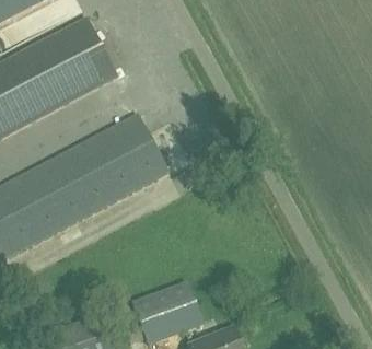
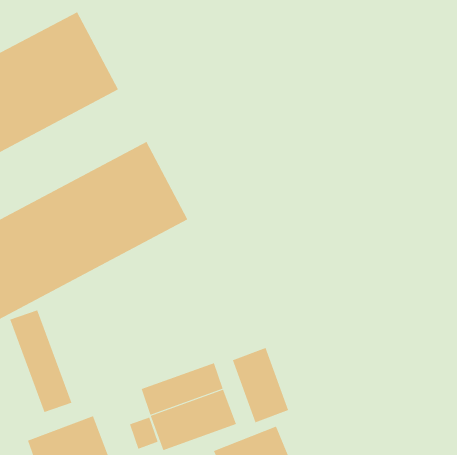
building: none -> [9,309,72,413]
building: none -> [232,347,289,423]

